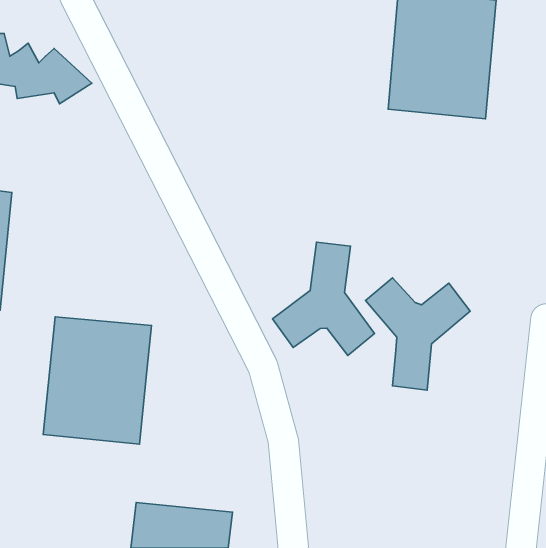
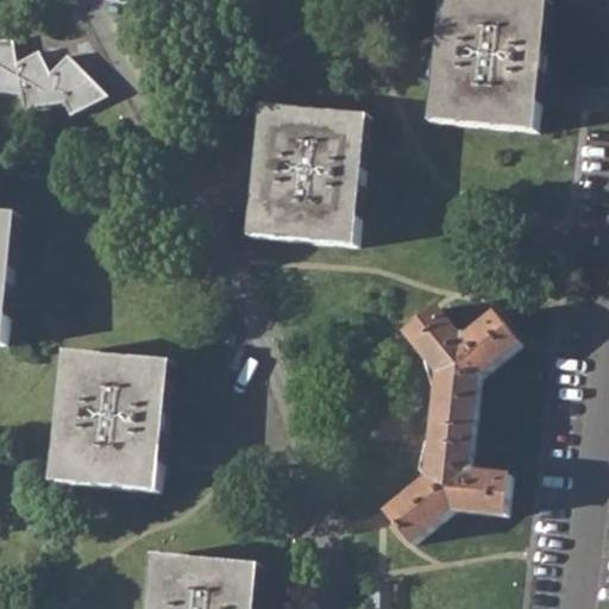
building: none -> [246,103,366,245]
building: [272,242,374,356] -> none
building: none -> [384,425,507,541]

